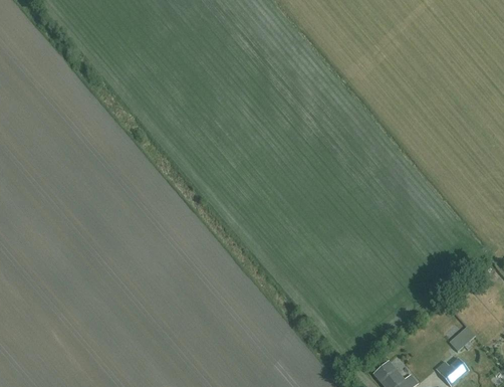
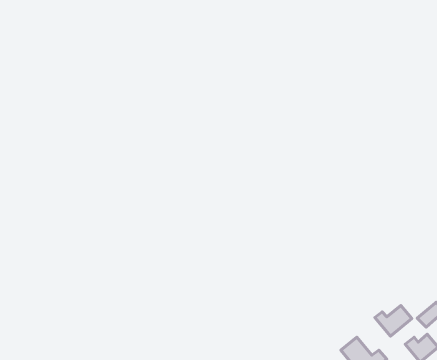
building: none -> [375,306,412,336]

